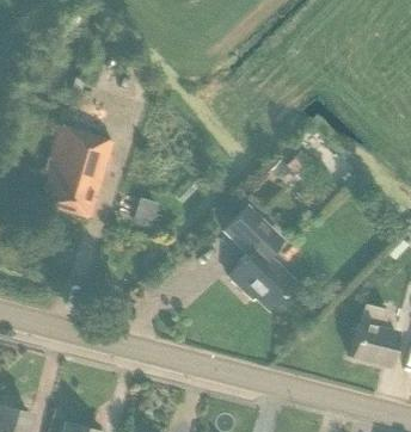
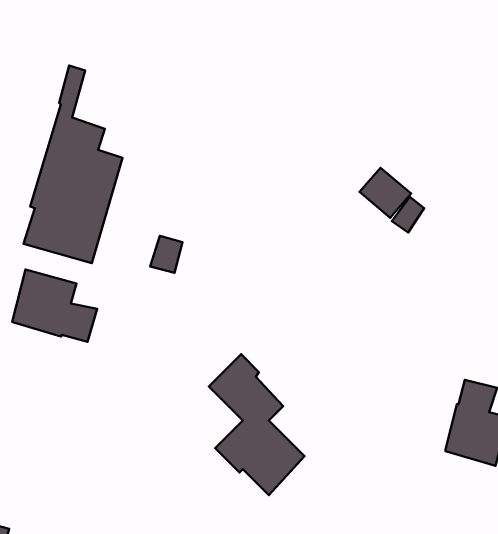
building: [225,205,295,309] -> [209,354,304,495]
building: none -> [12,269,97,342]

